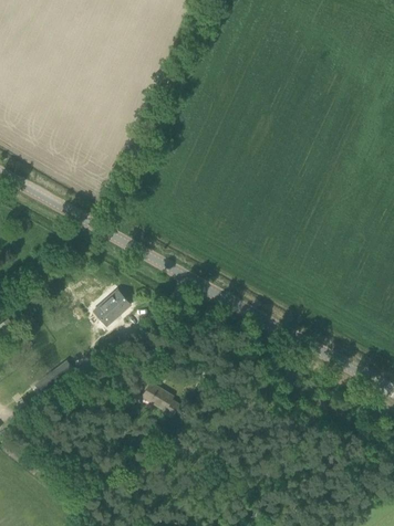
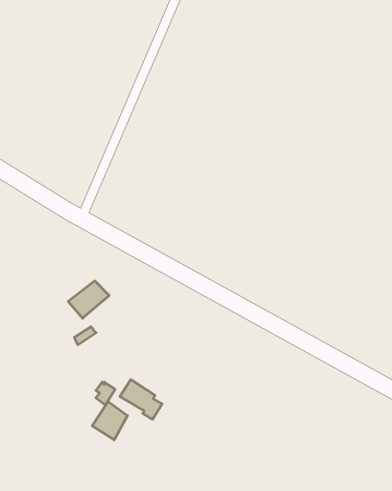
building: none -> [92,401,127,440]

